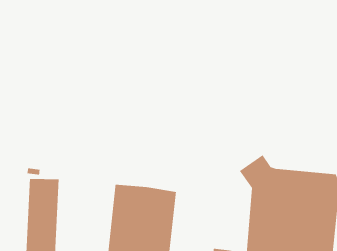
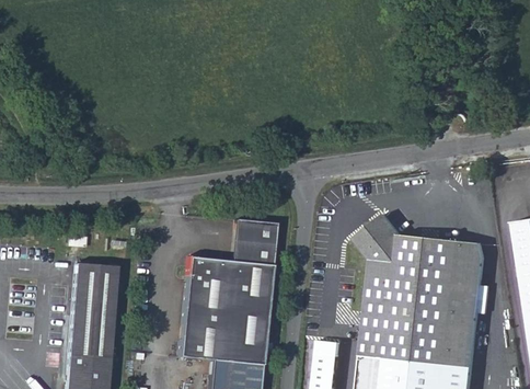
building: none -> [230,224,275,271]

